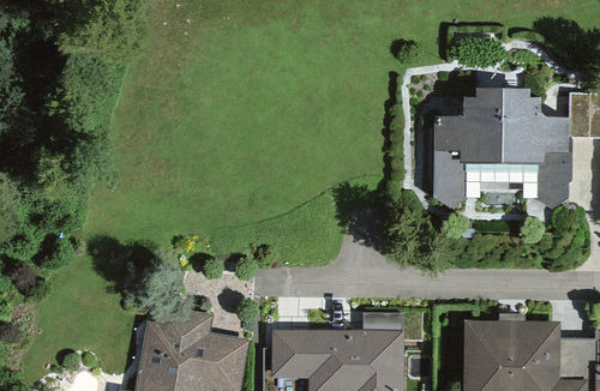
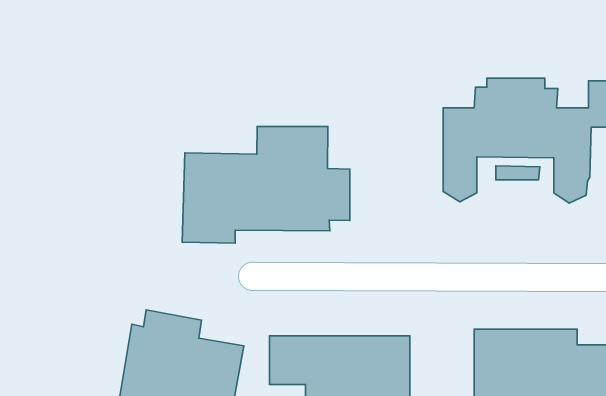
building: none -> [182,127,350,243]

